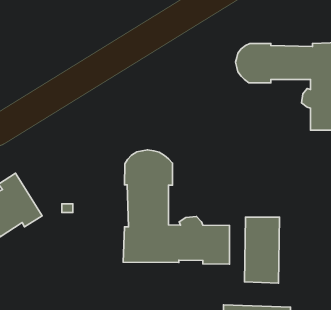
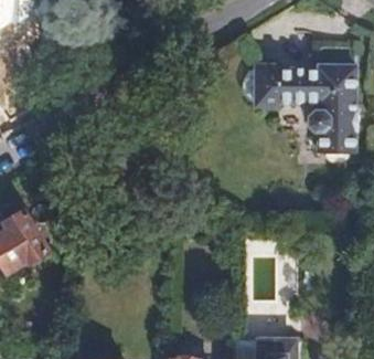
building: [123,150,230,264] -> none

